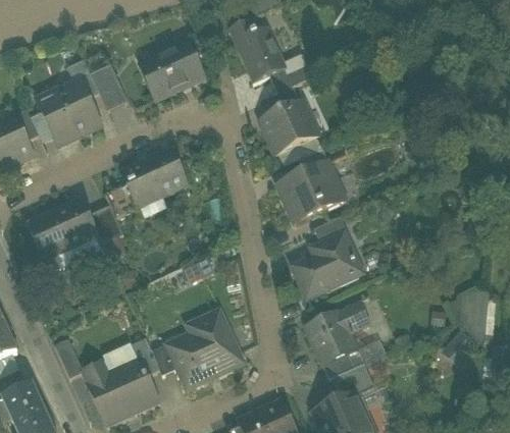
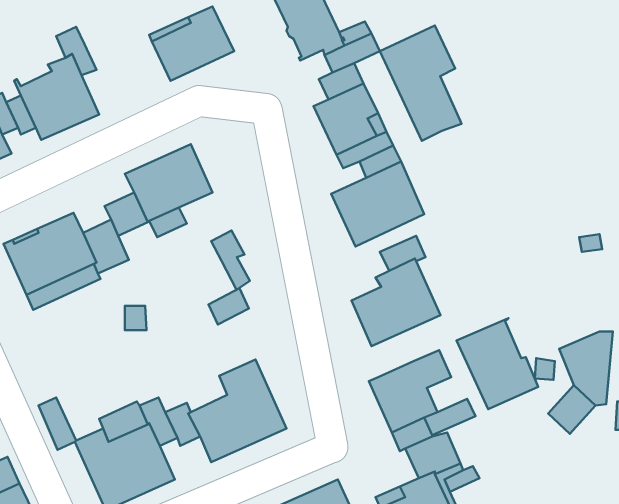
building: none -> [380,25,462,141]
building: [90,62,129,110] -> none
building: none -> [211,231,250,290]
building: none -> [457,318,538,409]

